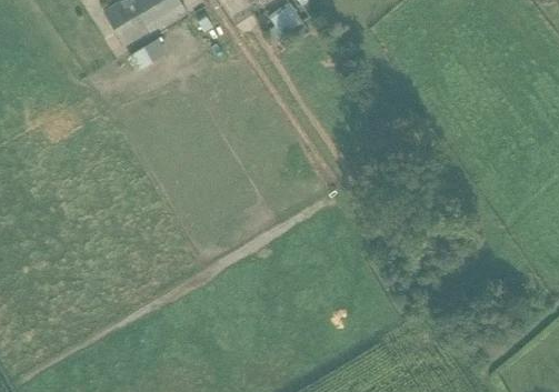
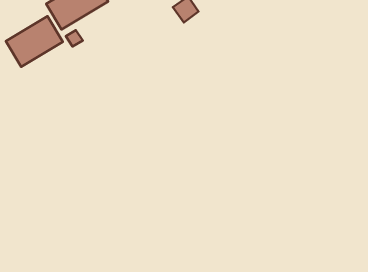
building: none -> [6,16,63,67]

